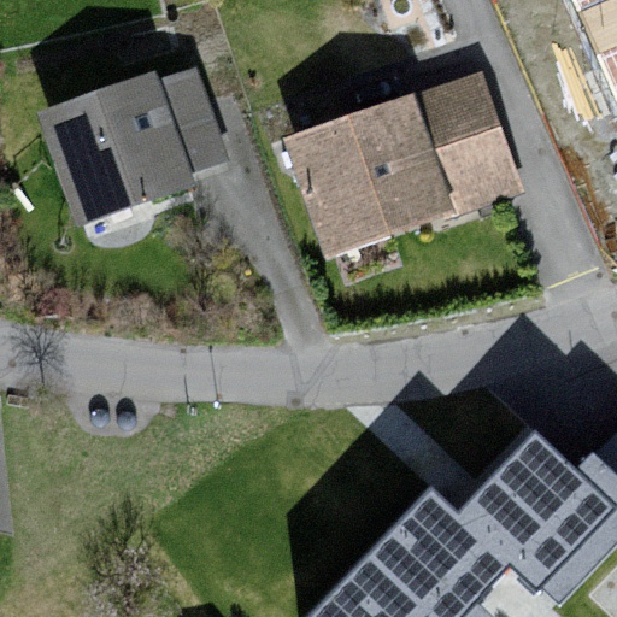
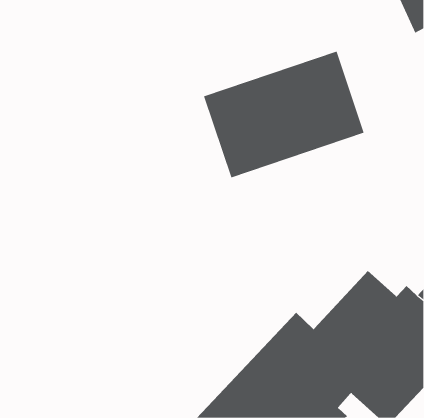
building: [42,72,205,227] -> none

